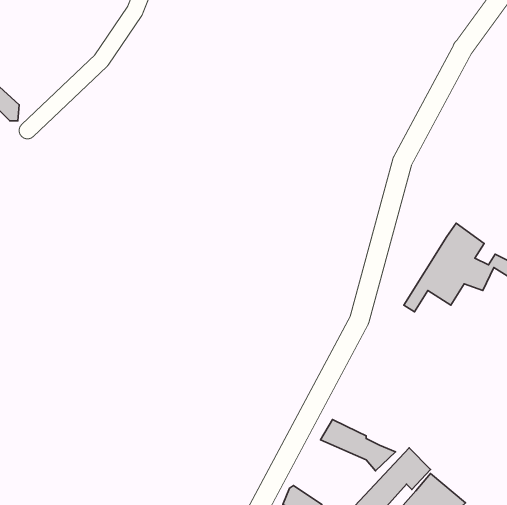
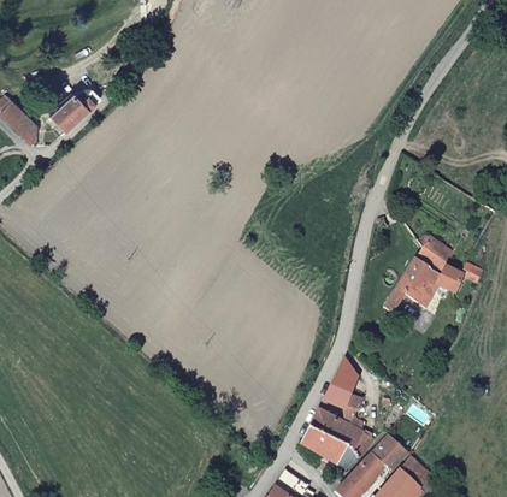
building: none -> [48,89,96,131]
building: none -> [324,360,364,433]
building: none -> [297,428,358,469]

